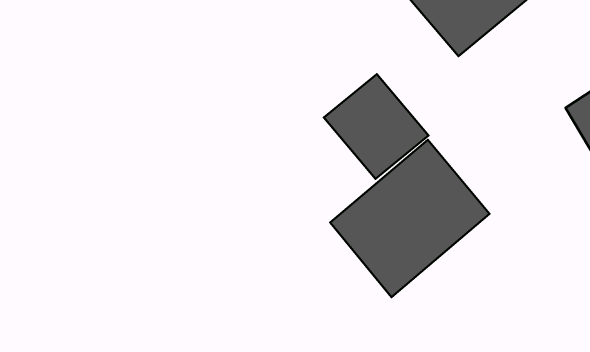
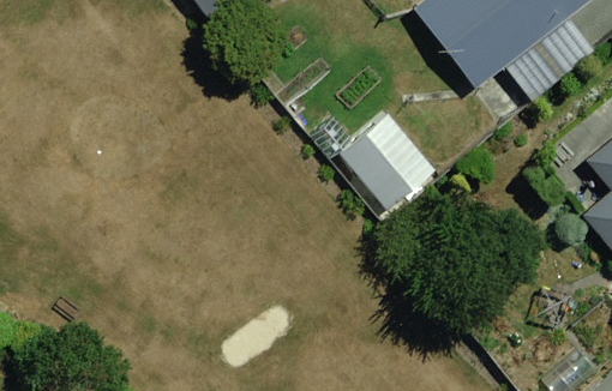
building: [330,140,489,297] -> none

